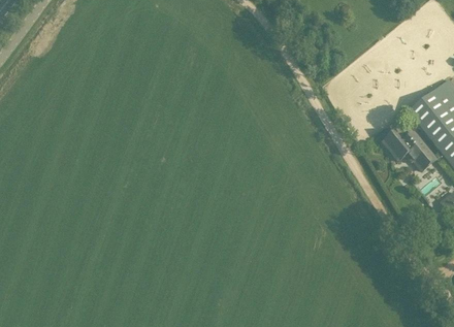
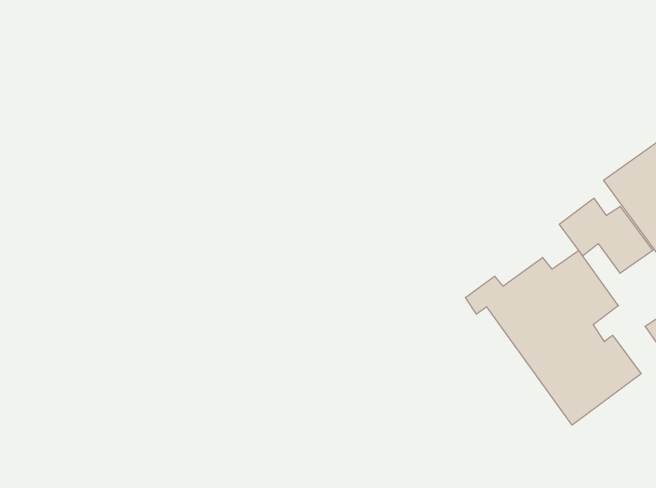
building: none -> [465,251,641,425]

